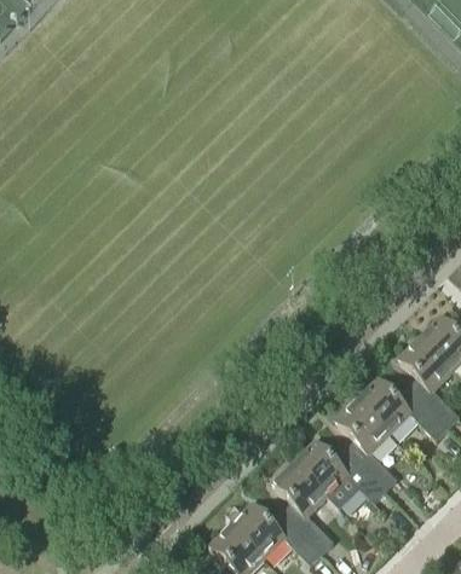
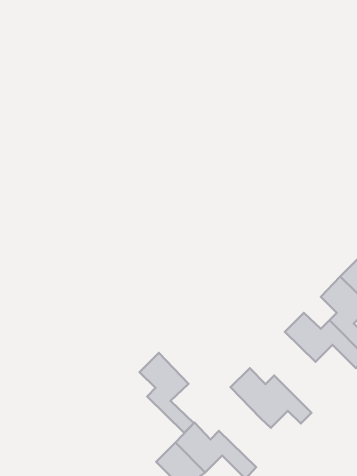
building: [334,399,397,491] -> none
building: [272,462,334,552] -> [140,353,194,433]

